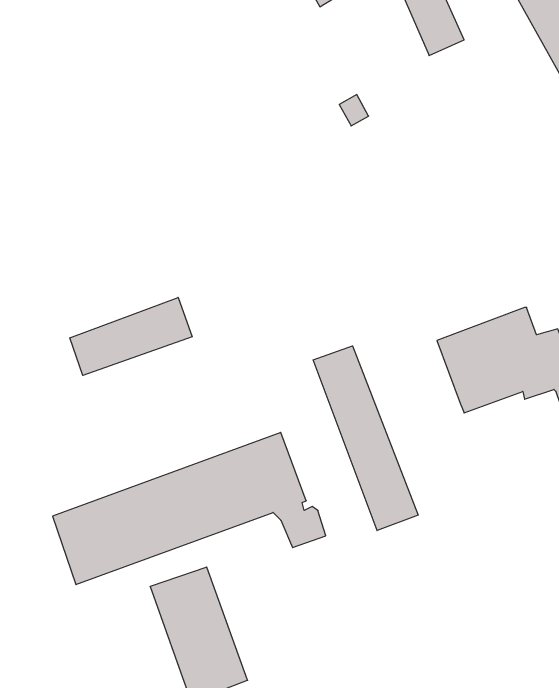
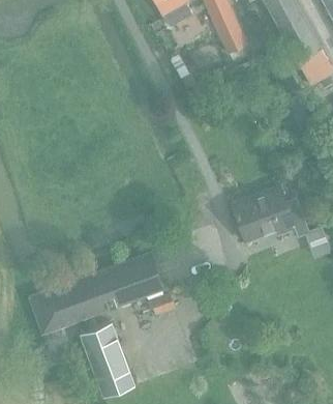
building: [70,297,192,375] -> none
building: [313,346,418,531] -> none

